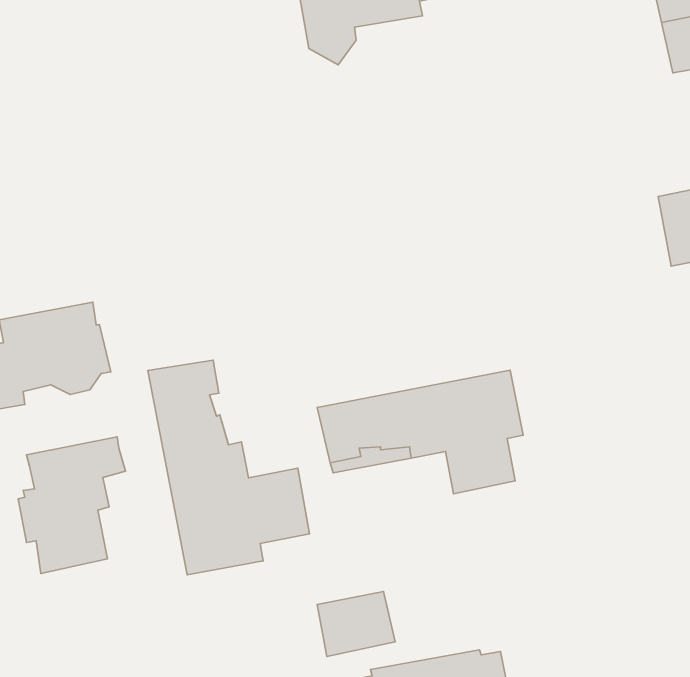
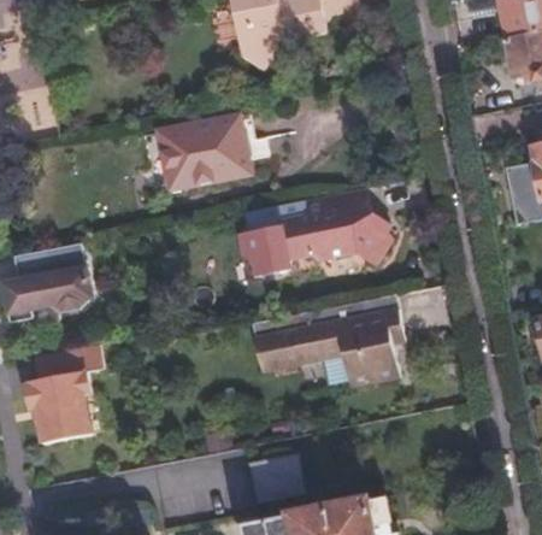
building: none -> [158,117,249,192]
building: none -> [240,187,394,277]
building: [148,360,309,575] -> none

